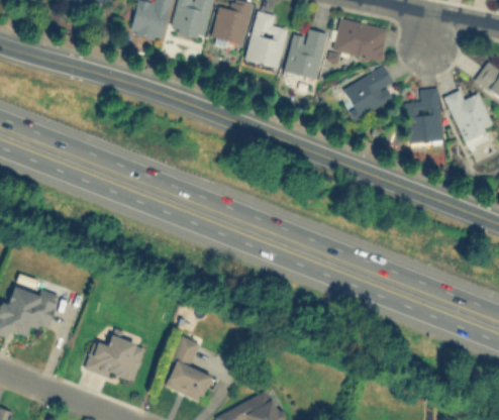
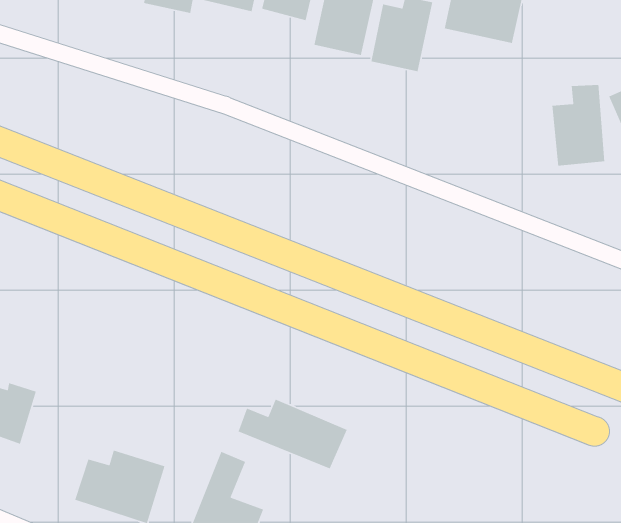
building: [342,66,394,118] -> none
building: none -> [238,398,348,470]

